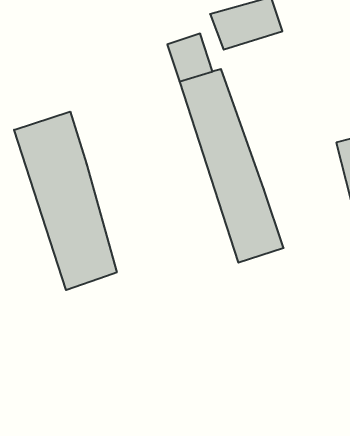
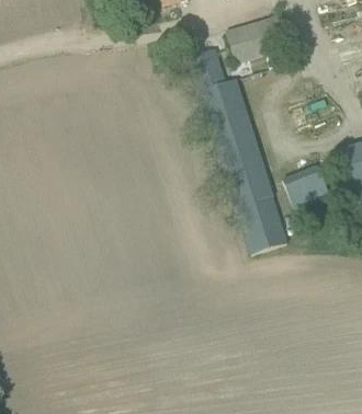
building: [14,112,117,290] -> none
building: none -> [281,164,330,208]

